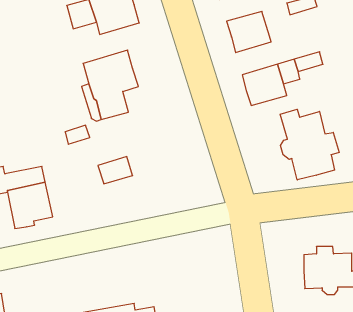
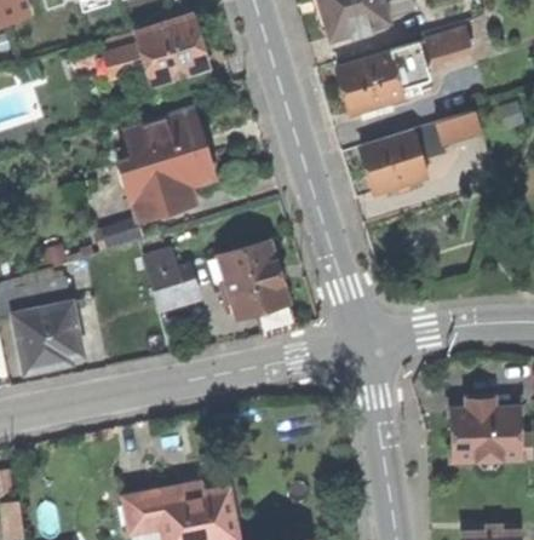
building: none -> [390,44,430,88]
building: [280,109,339,180] -> none
building: none -> [219,242,295,337]

